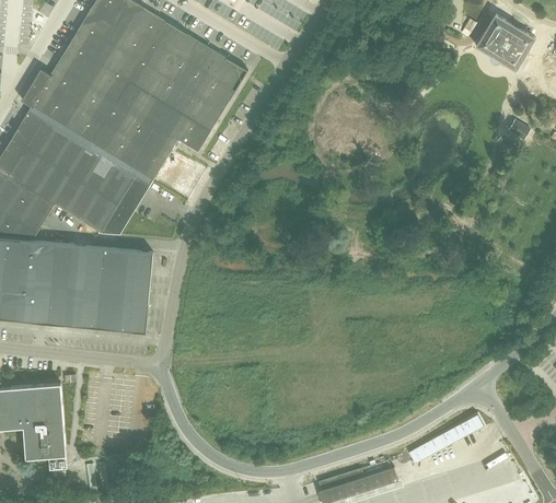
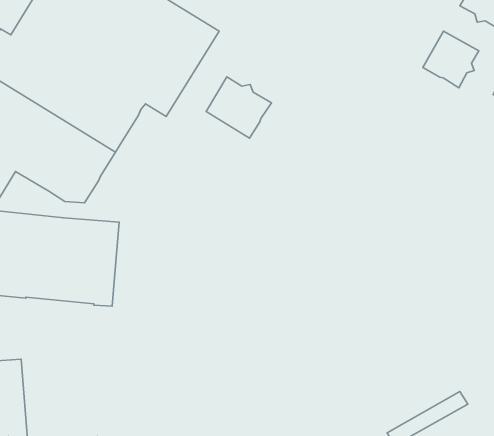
building: none -> [423,31,479,88]
building: none -> [206,77,271,138]

